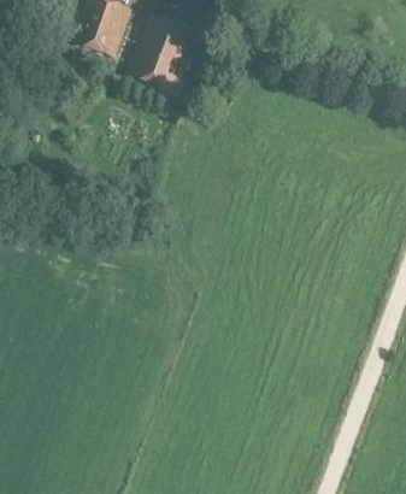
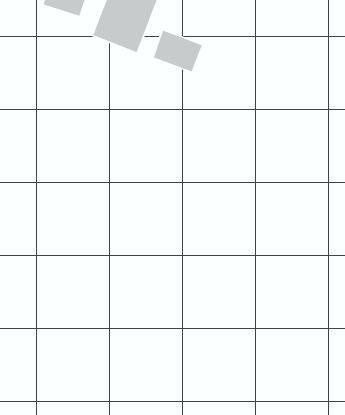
building: none -> [153,30,203,72]

